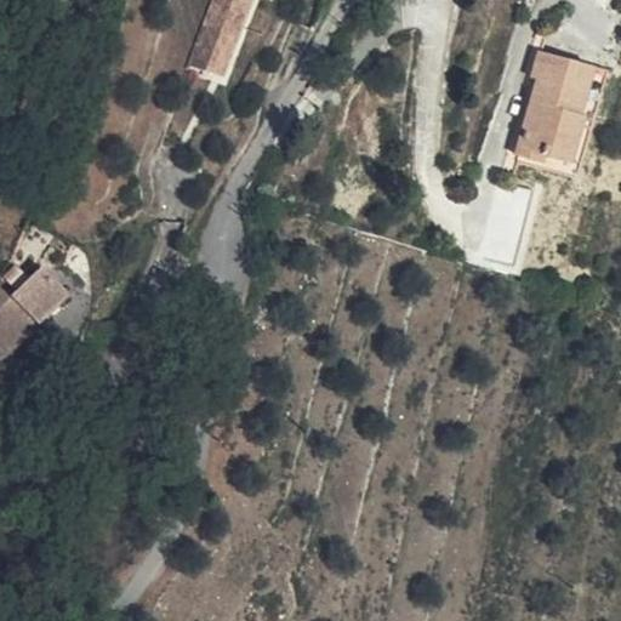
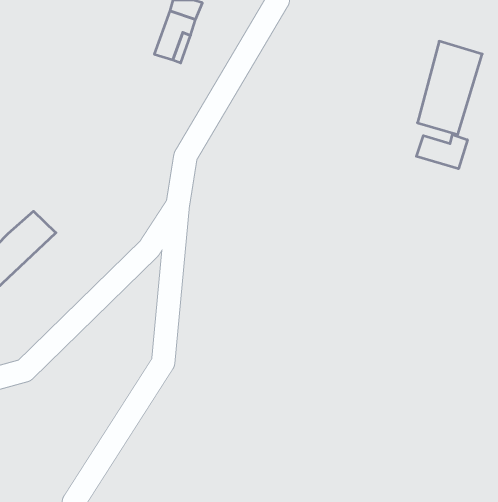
building: none -> [416,135,467,169]

